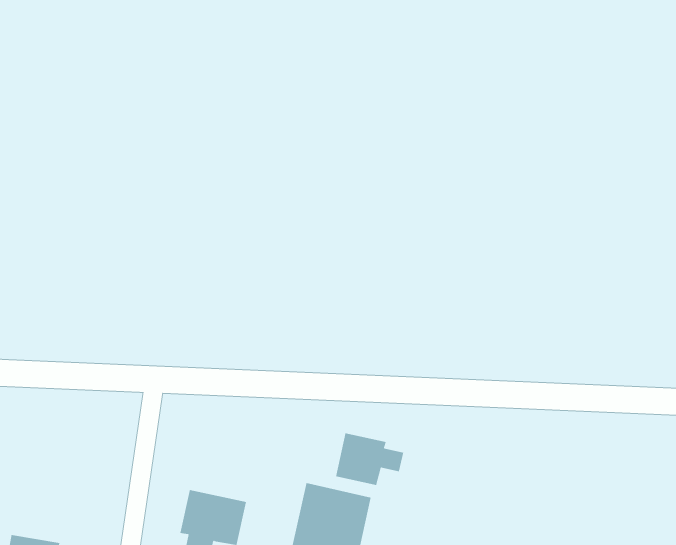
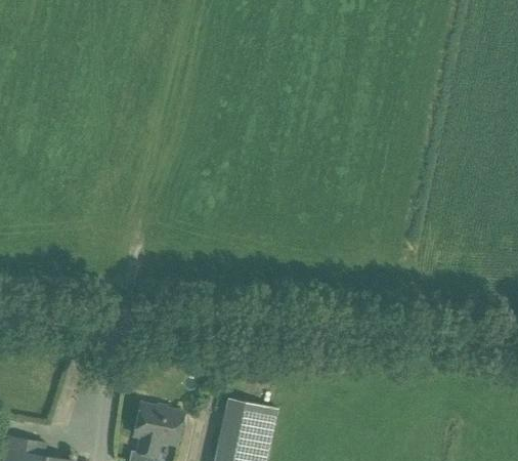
building: [335,433,404,486] -> none

